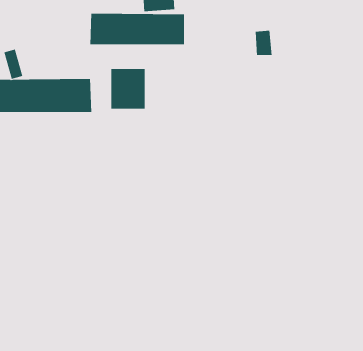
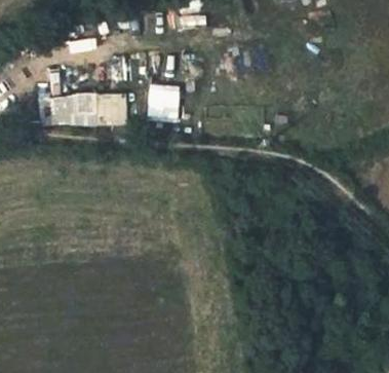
building: [90,13,185,45] -> none

